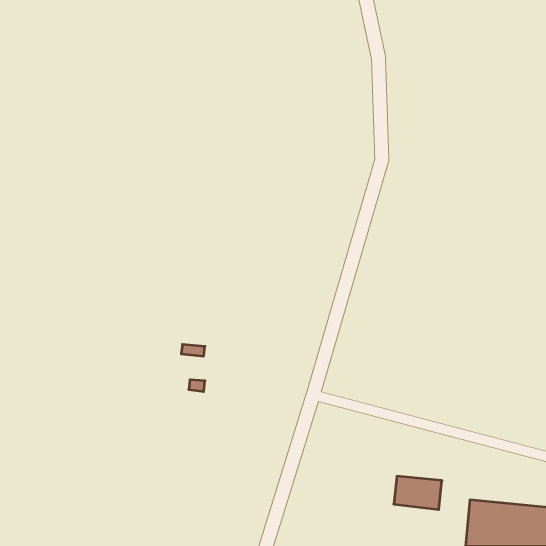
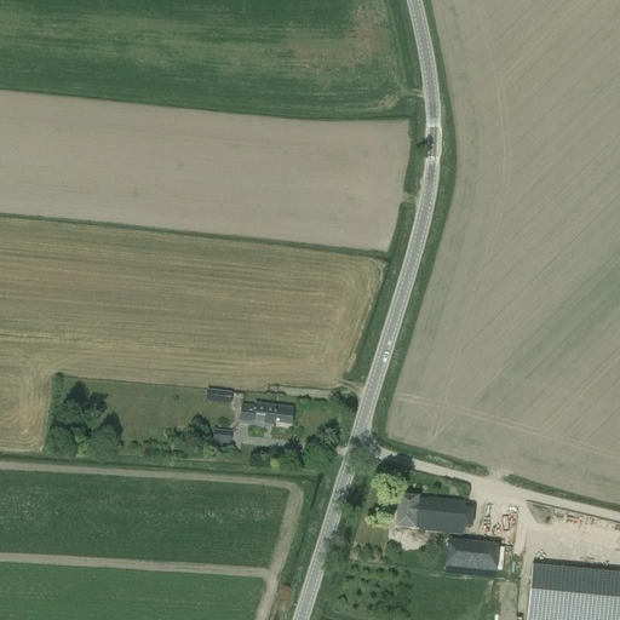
building: none -> [242,403,294,424]
building: none -> [397,495,469,534]

